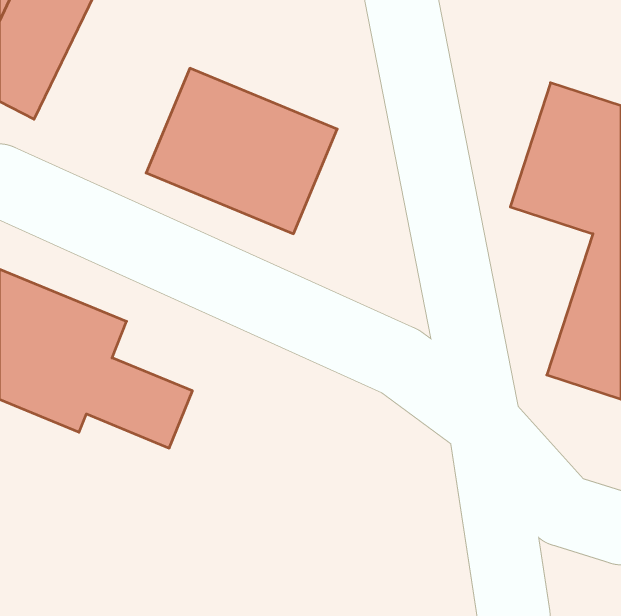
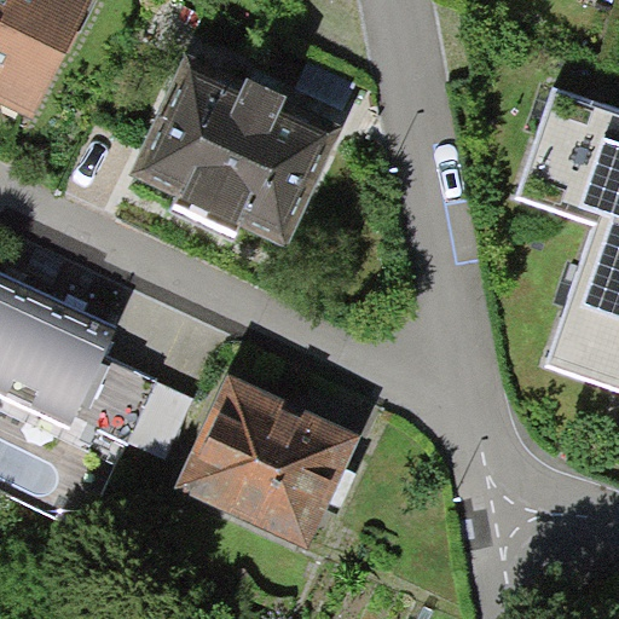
building: none -> [189,384,363,550]

